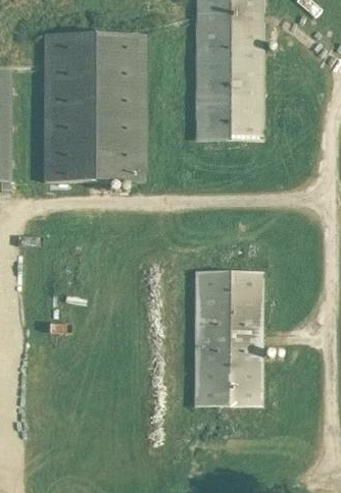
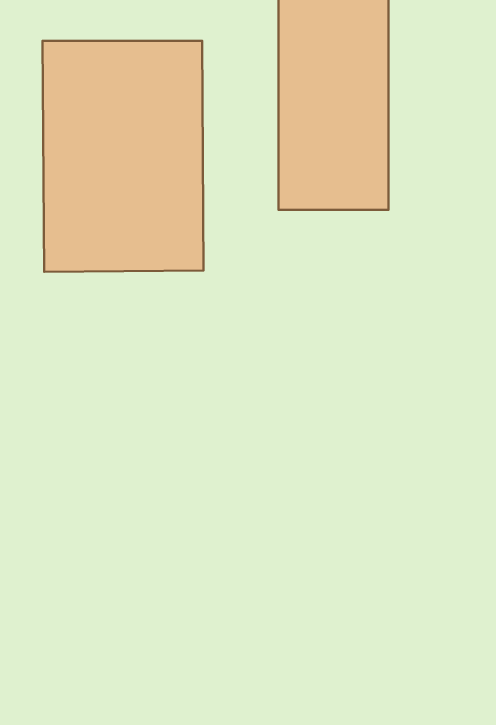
building: [194,269,265,406] -> none

